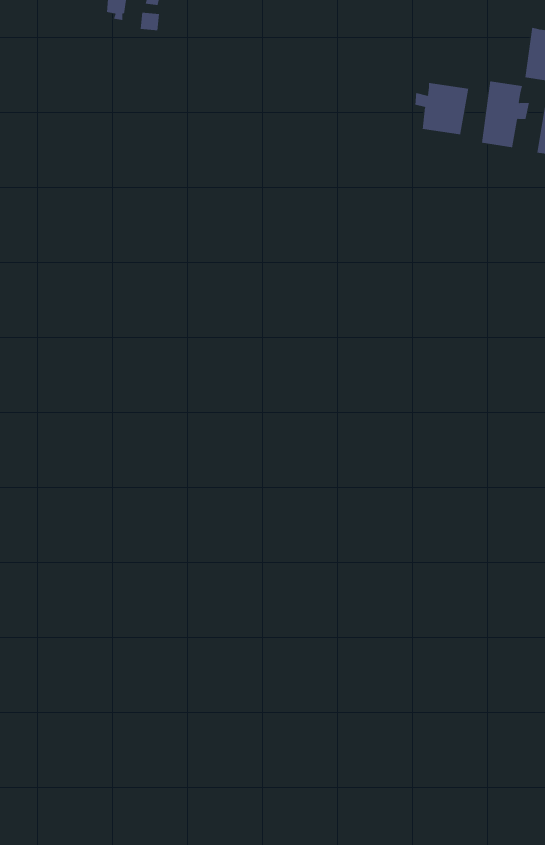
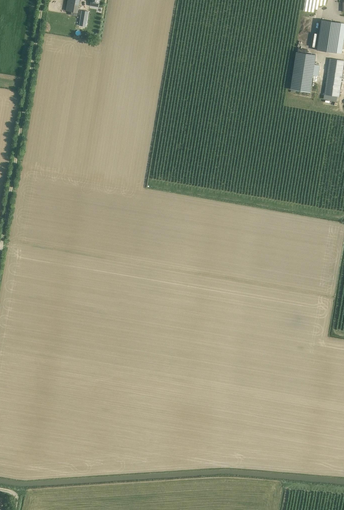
building: [415,82,469,135] -> none

